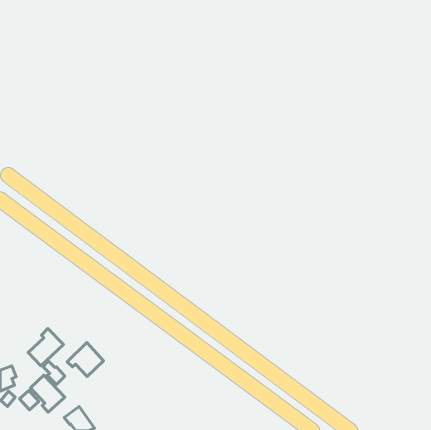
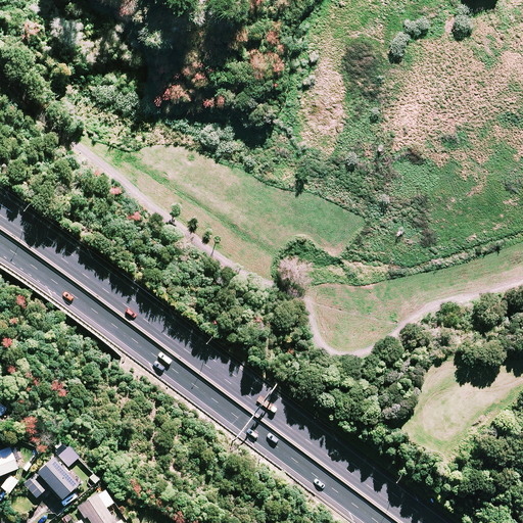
building: [28,329,64,366] -> none
building: [67,342,103,376] -> none

